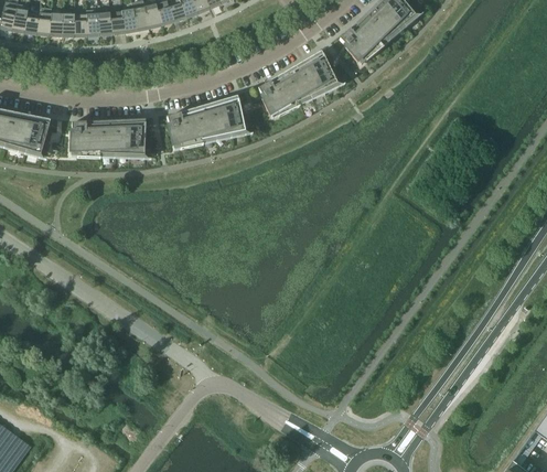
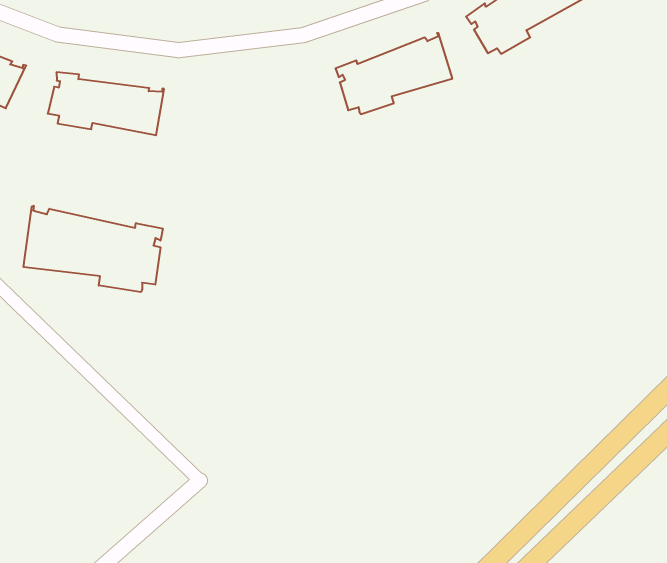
building: [168,97,246,148] -> none
building: none -> [24,206,163,292]

